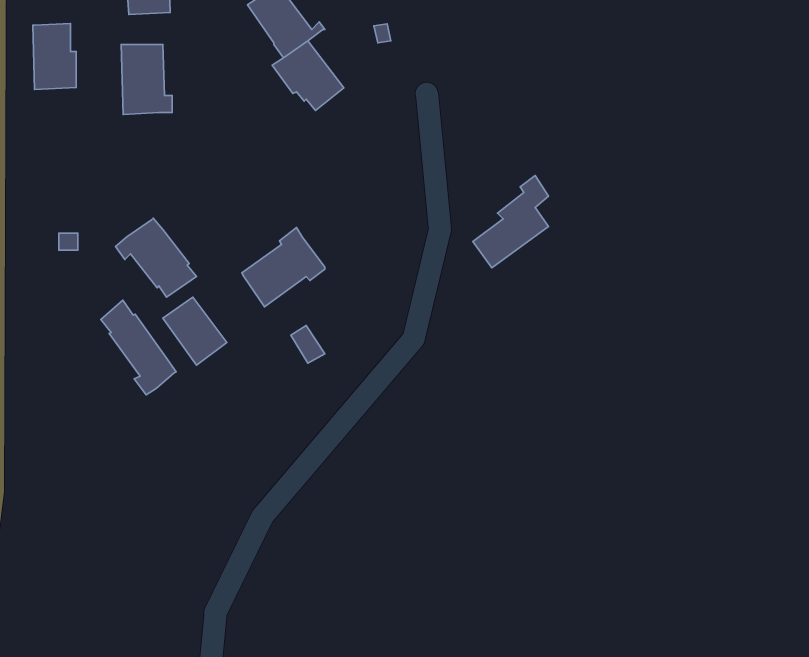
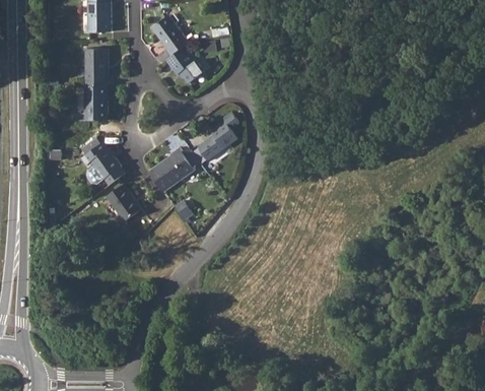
building: [33,23,76,89] -> [84,84,108,120]
building: [473,176,548,268] -> [197,111,237,160]
building: [101,300,176,395] -> none

